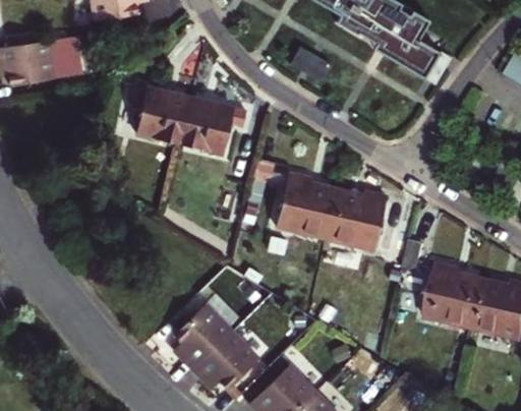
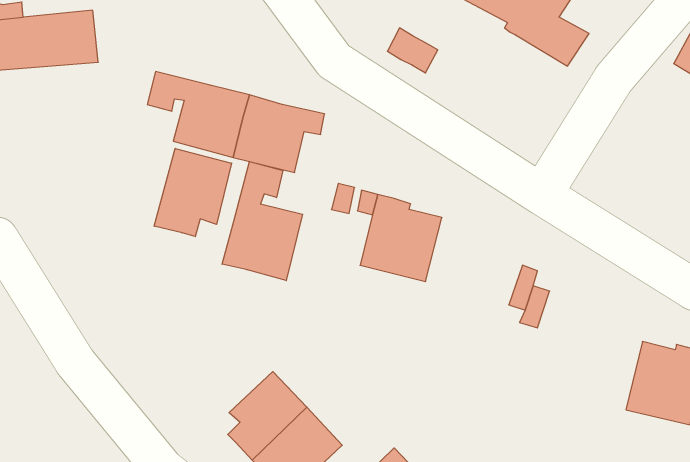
building: none -> [154,148,232,237]
building: none -> [222,162,302,281]
building: [319,188,393,248] -> none
building: [419,265,480,332] -> none

